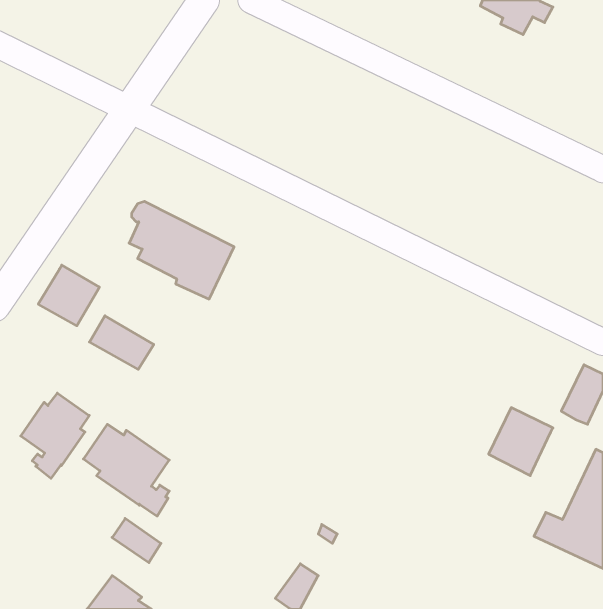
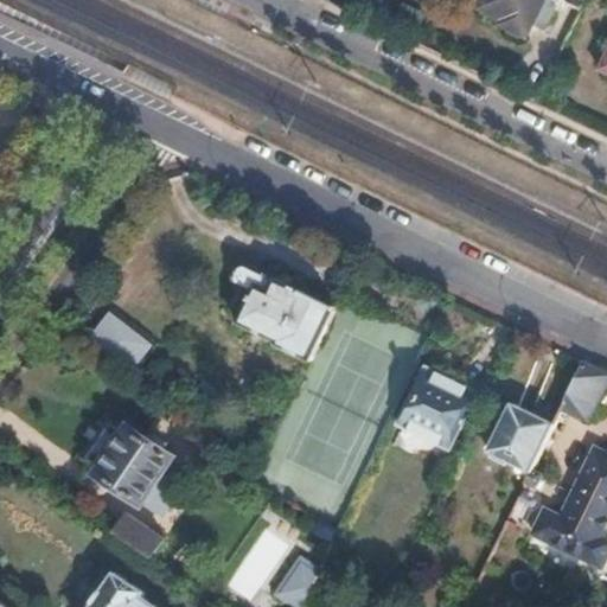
building: [129,201,234,299] -> [229,264,333,362]
building: [38,265,99,326] -> none
building: none -> [398,370,473,448]
building: [21,393,89,478] -> none

